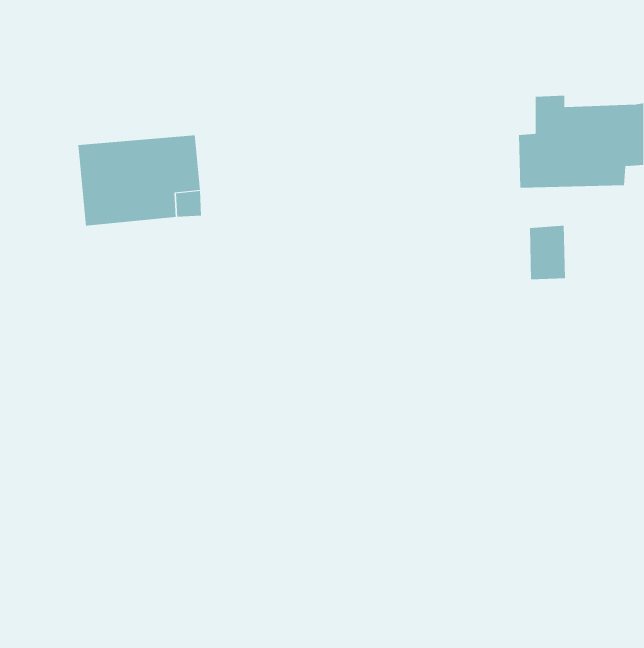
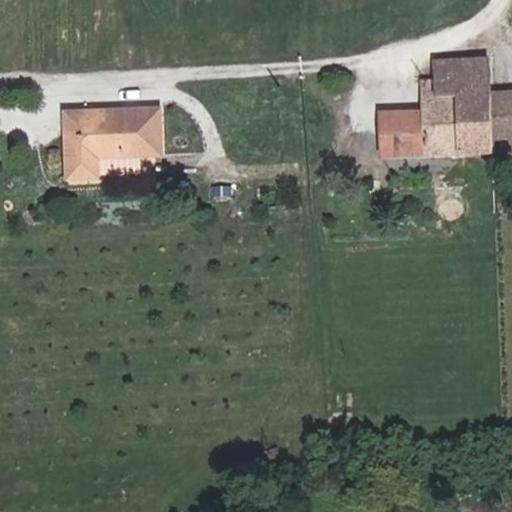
building: none -> [443,56,500,85]
building: [529,225,566,280] -> [380,107,409,150]

